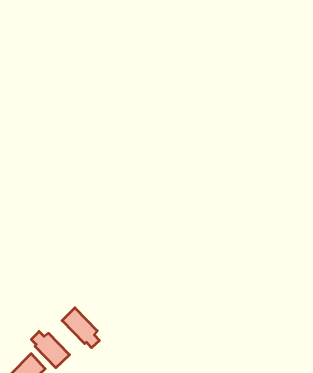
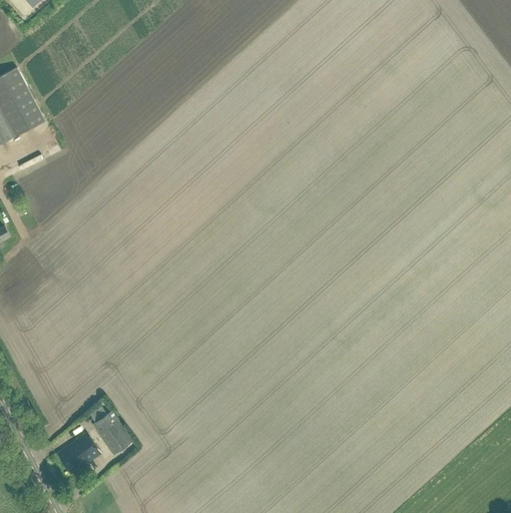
building: [62,308,99,348] -> none

